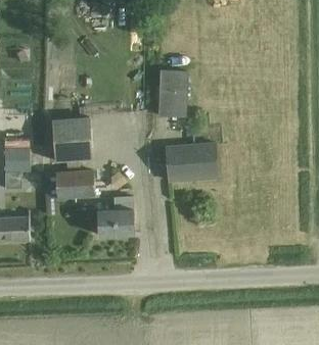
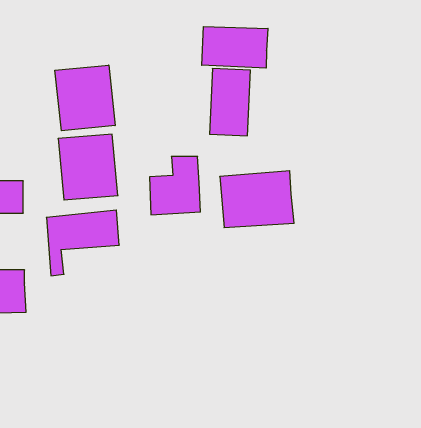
building: none -> [202,27,268,68]
building: none -> [55,65,115,131]
building: [97,196,133,237] -> [150,156,200,215]

